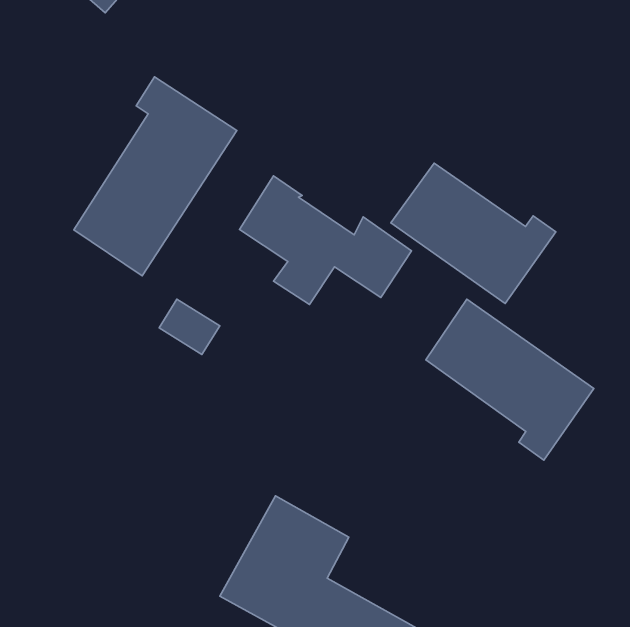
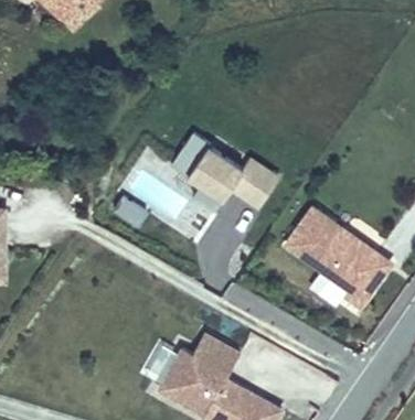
building: [74,77,237,276] -> none
building: [391,163,556,303] -> none

